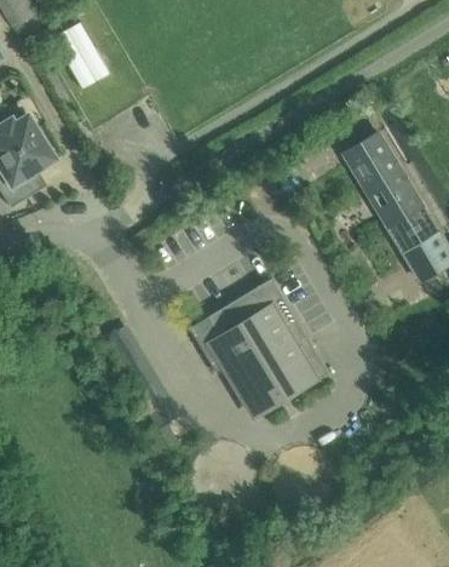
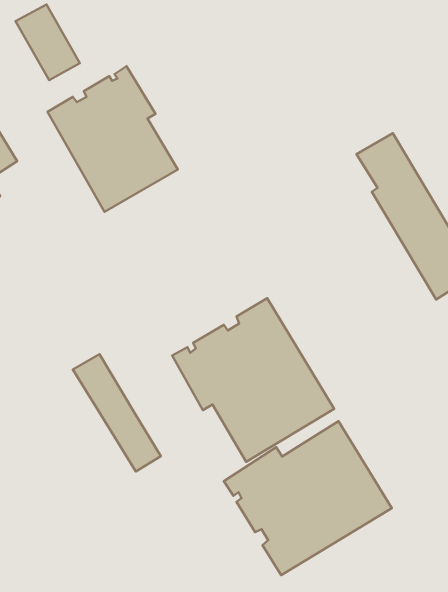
building: none -> [47,66,178,212]
building: none -> [224,421,392,575]

